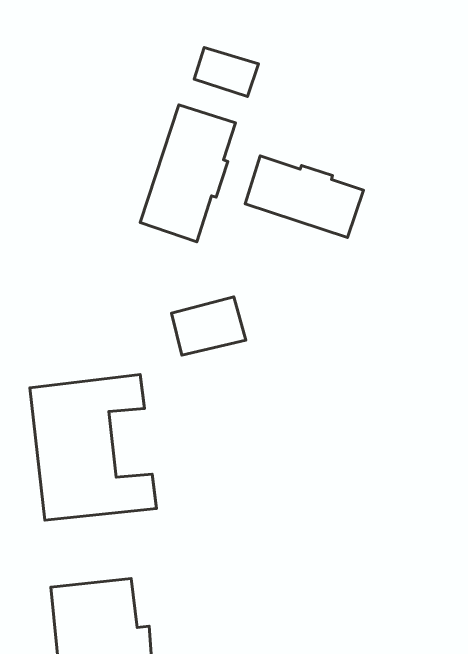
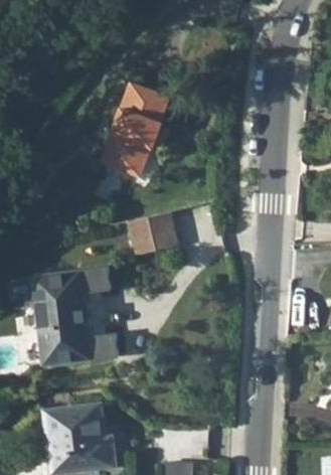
building: [194,47,259,97] -> none
building: [245,156,364,237] -> none

